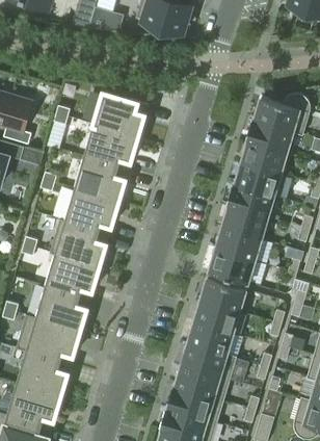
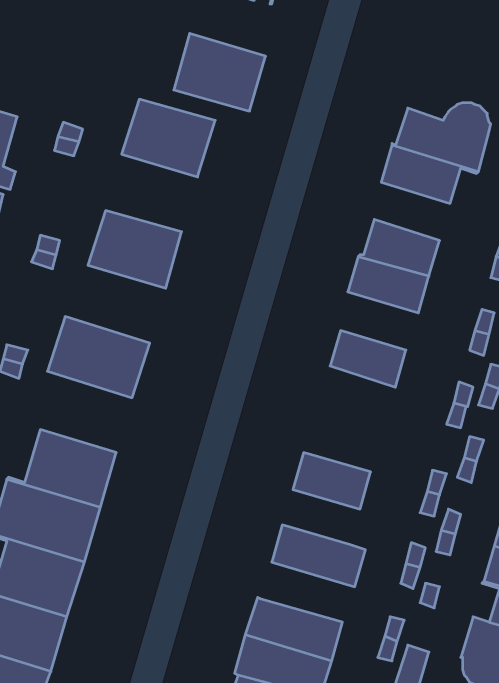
building: [84,124,138,170] -> [174,33,266,111]
building: [242,140,287,175] -> none
building: [60,189,119,235] -> none
building: [222,205,268,239] -> none
building: [210,249,255,283] -> none
building: [46,252,100,300] -> none
building: [201,278,246,311] -> none
building: [188,321,234,354] -> none
building: [176,364,231,399] -> none

